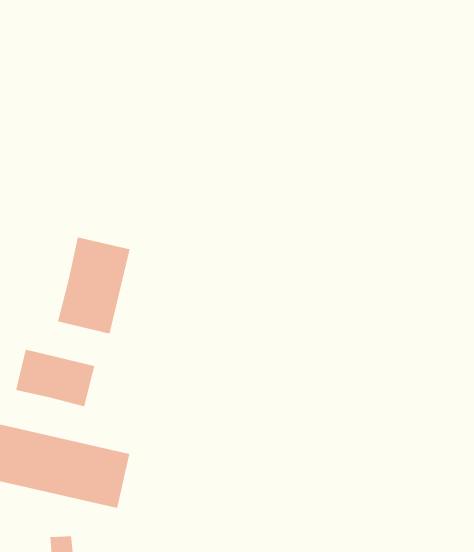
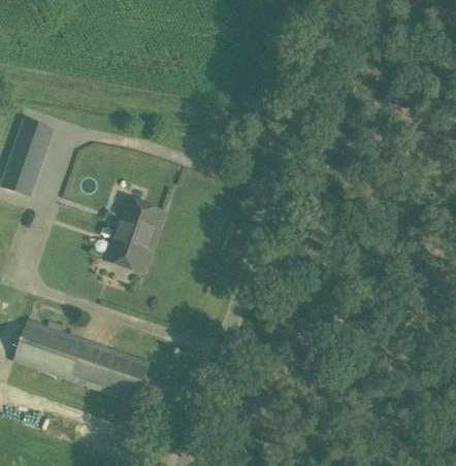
building: [15,349,95,407] -> none

